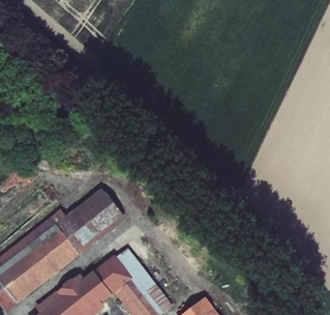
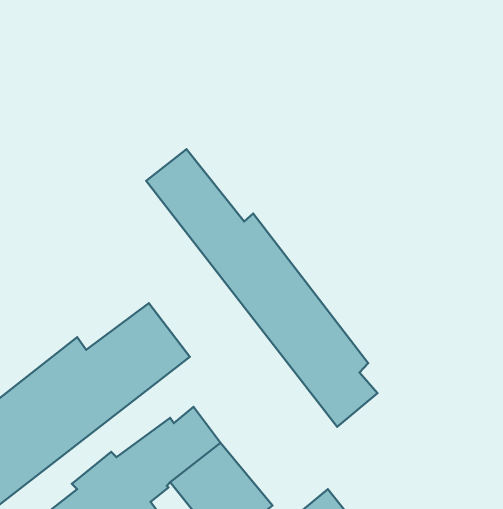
building: none -> [146,149,378,427]

